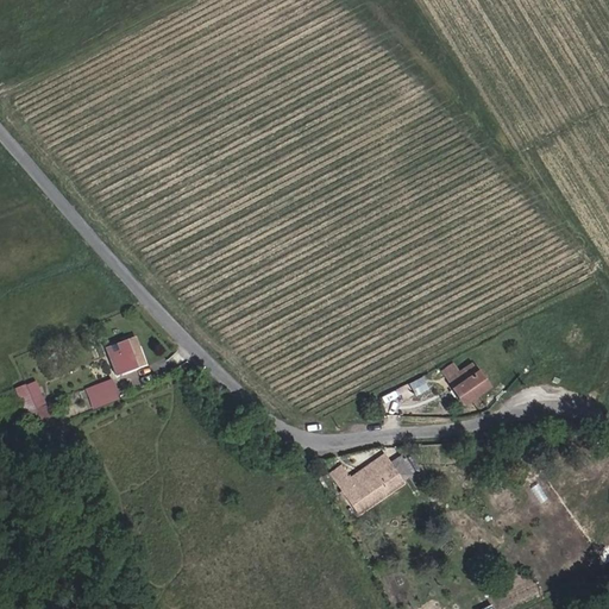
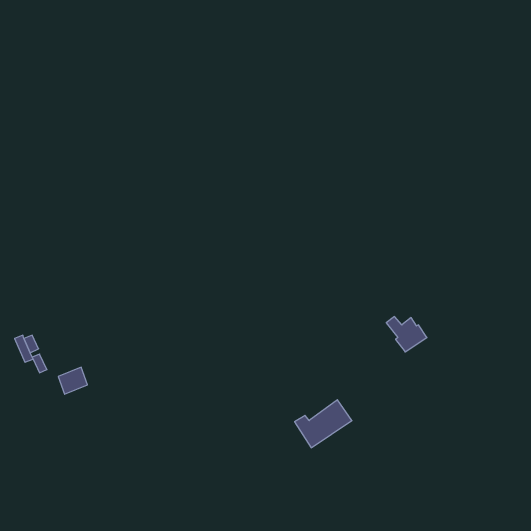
building: [107,339,138,372] -> none
building: [87,377,120,408] -> [58,367,87,394]

